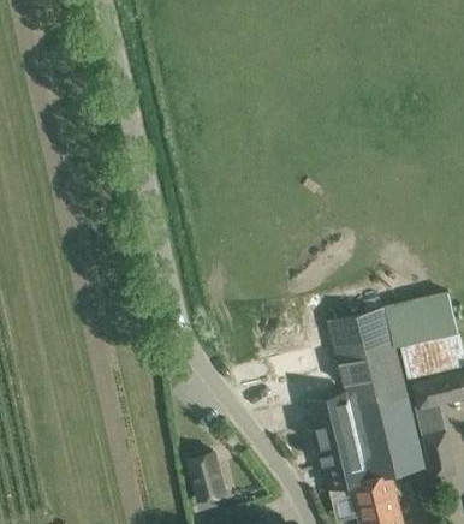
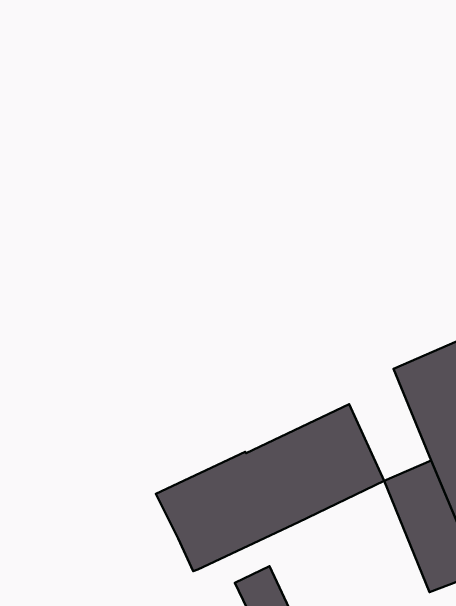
building: none -> [156,404,384,571]

